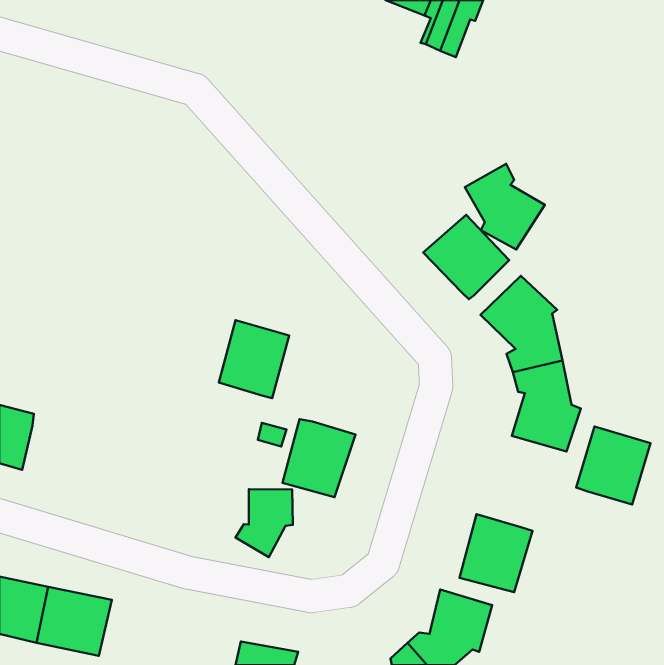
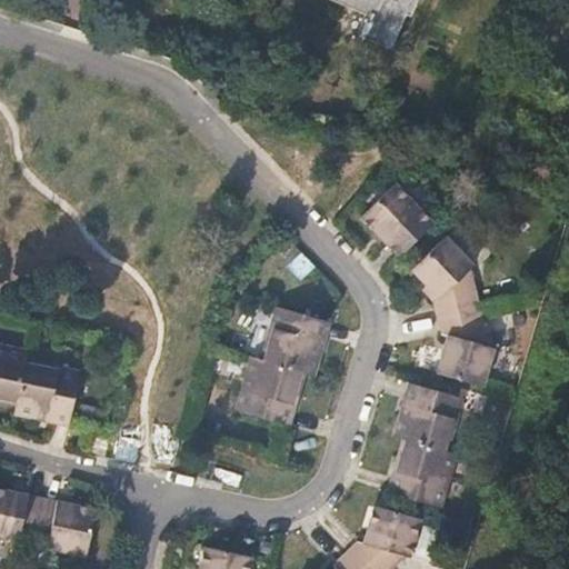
building: [465,164,545,249] -> none
building: [219,320,289,398] -> [267,307,327,373]
building: none -> [18,363,82,422]
building: [576,426,650,504] -> [397,383,460,450]
building: [236,489,293,557] -> none

